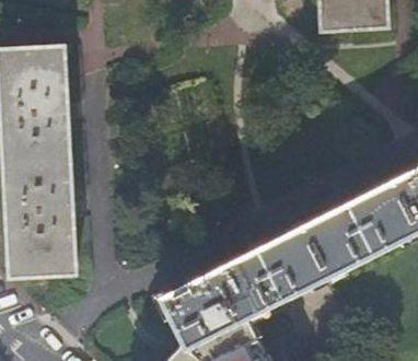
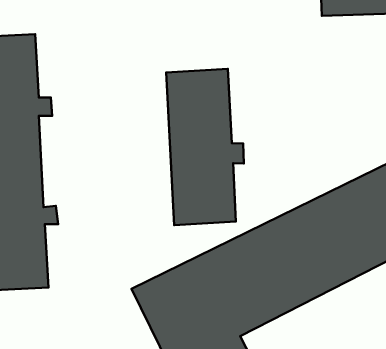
building: none -> [166,69,244,225]

